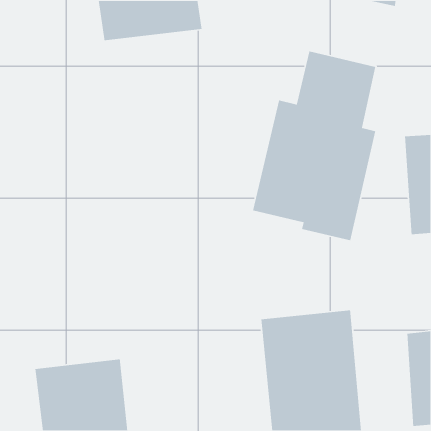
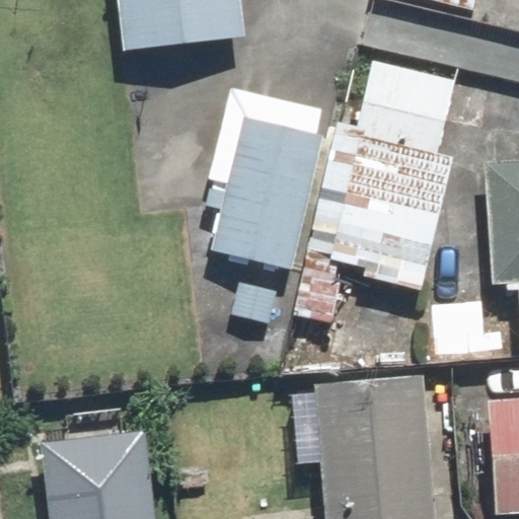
building: none -> [210,118,322,270]

